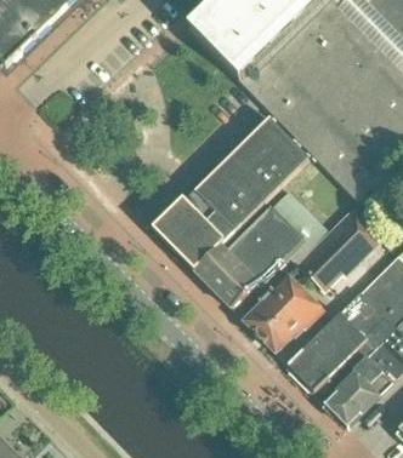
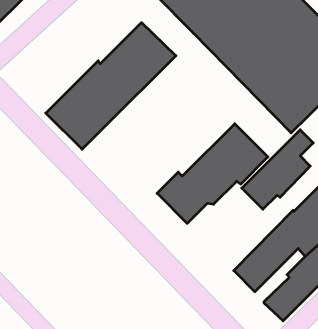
building: [151,116,307,269] -> [46,23,176,149]
building: [244,274,320,349] -> none

